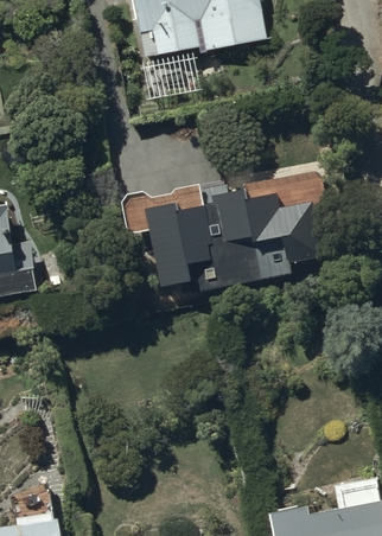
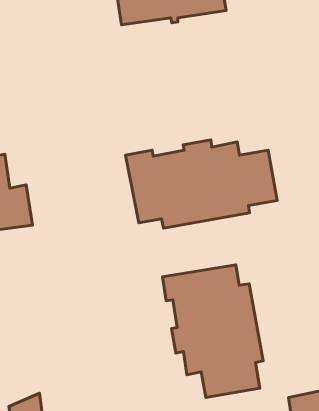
building: none -> [162,265,263,398]

